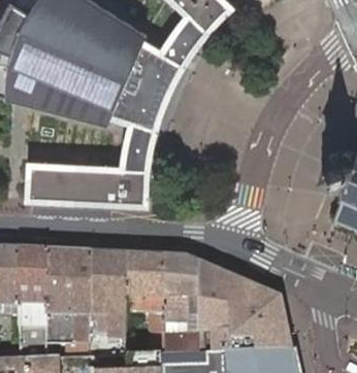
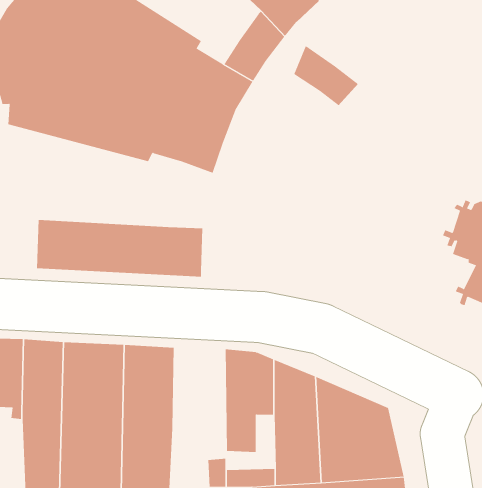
building: none -> [294,46,359,106]
building: [124,122,156,169] -> none
building: [127,255,165,331] -> none

